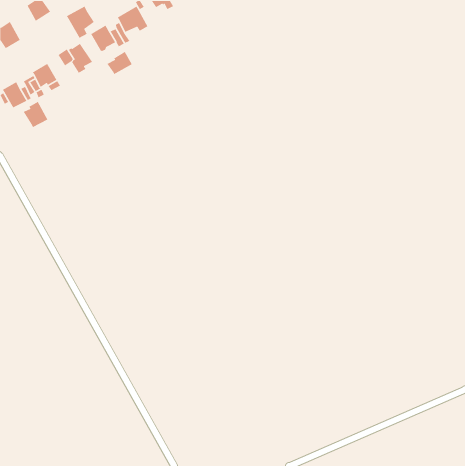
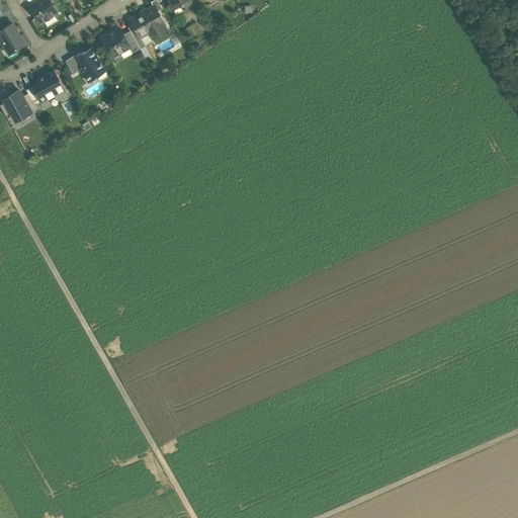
building: [66,6,95,39] -> none
building: [106,51,133,75] -> none
building: [23,101,49,128] -> none

